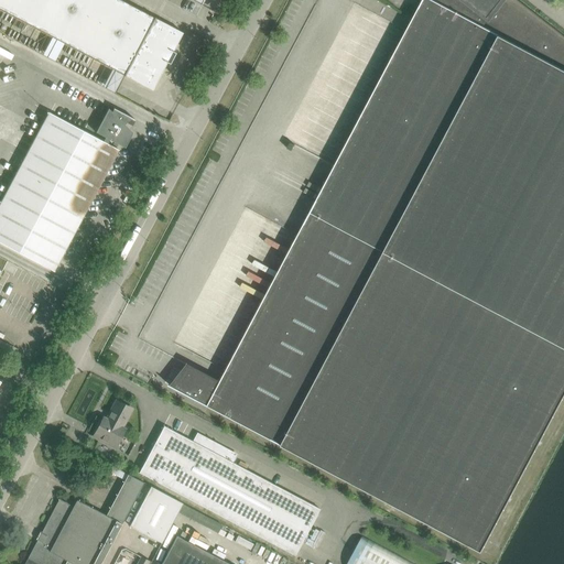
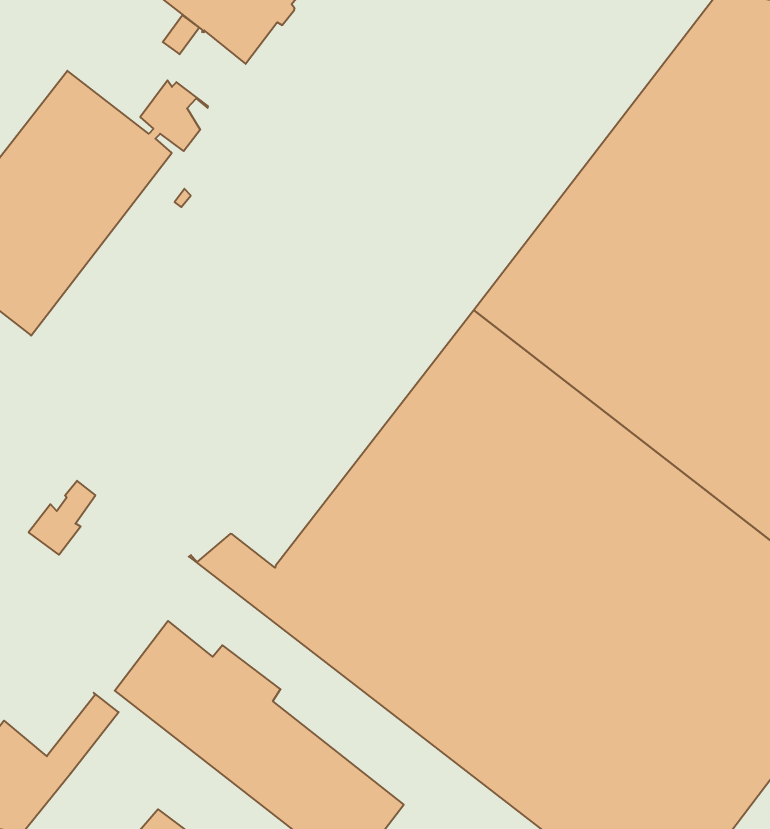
building: [94,401,129,446] -> [29,481,95,555]
building: [129,486,182,543] -> none

